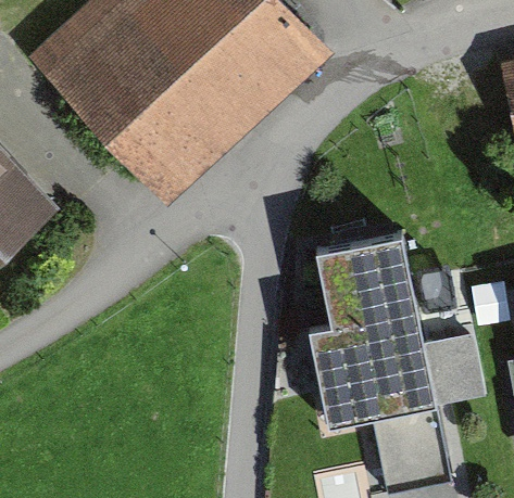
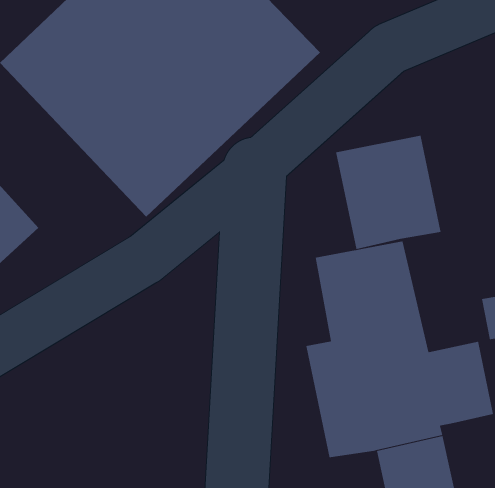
building: none -> [336,135,441,250]

